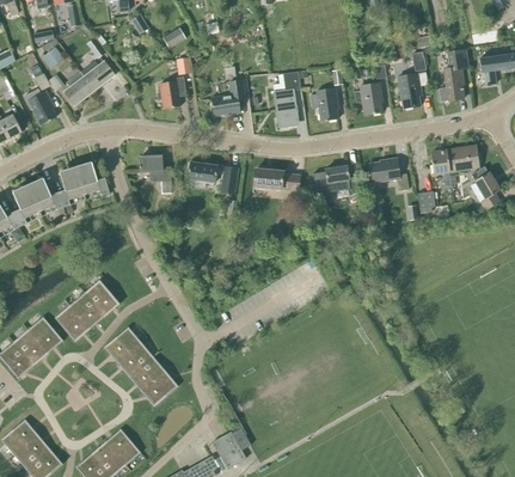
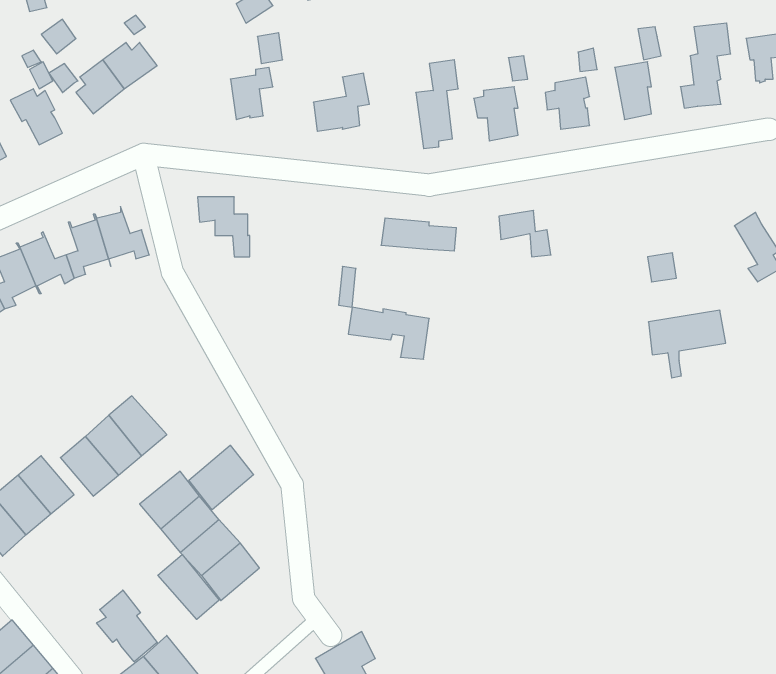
building: [430,145,478,186] -> [648,310,726,378]
building: [369,157,407,189] -> none
building: [188,160,238,192] -> [348,307,429,359]
building: none -> [189,445,254,510]
building: none -> [158,555,219,619]
building: none -> [97,590,157,662]

